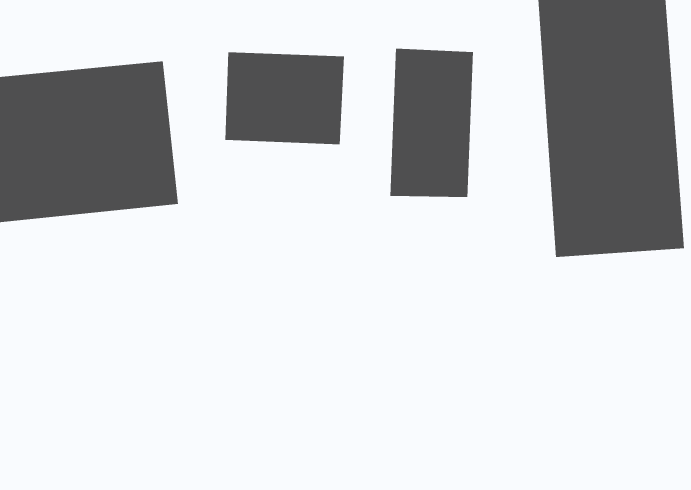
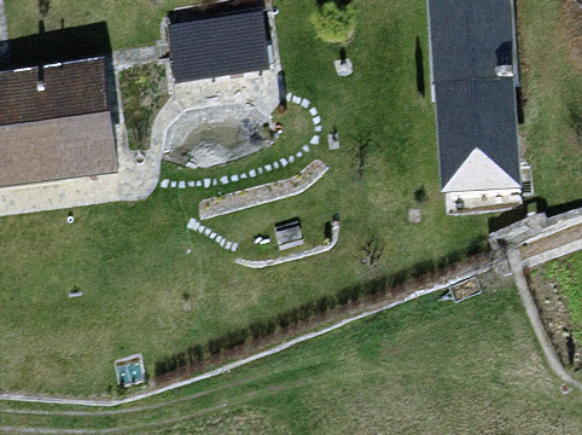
building: [390,48,473,198] -> none

